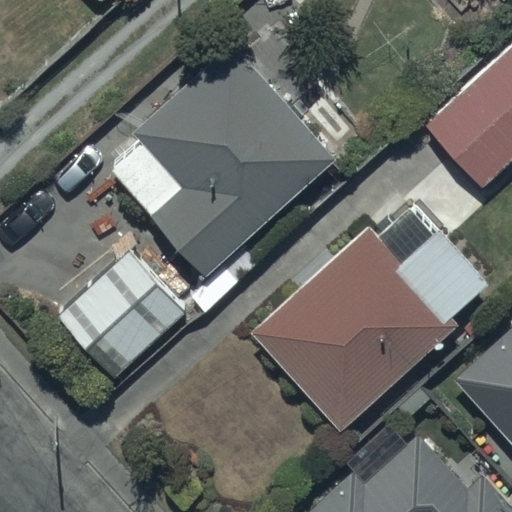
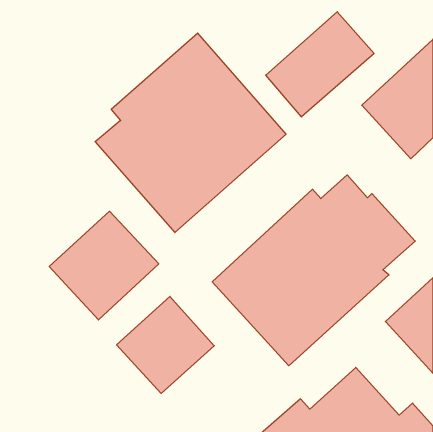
building: none -> [266,12,374,117]
building: none -> [117,296,214,393]

